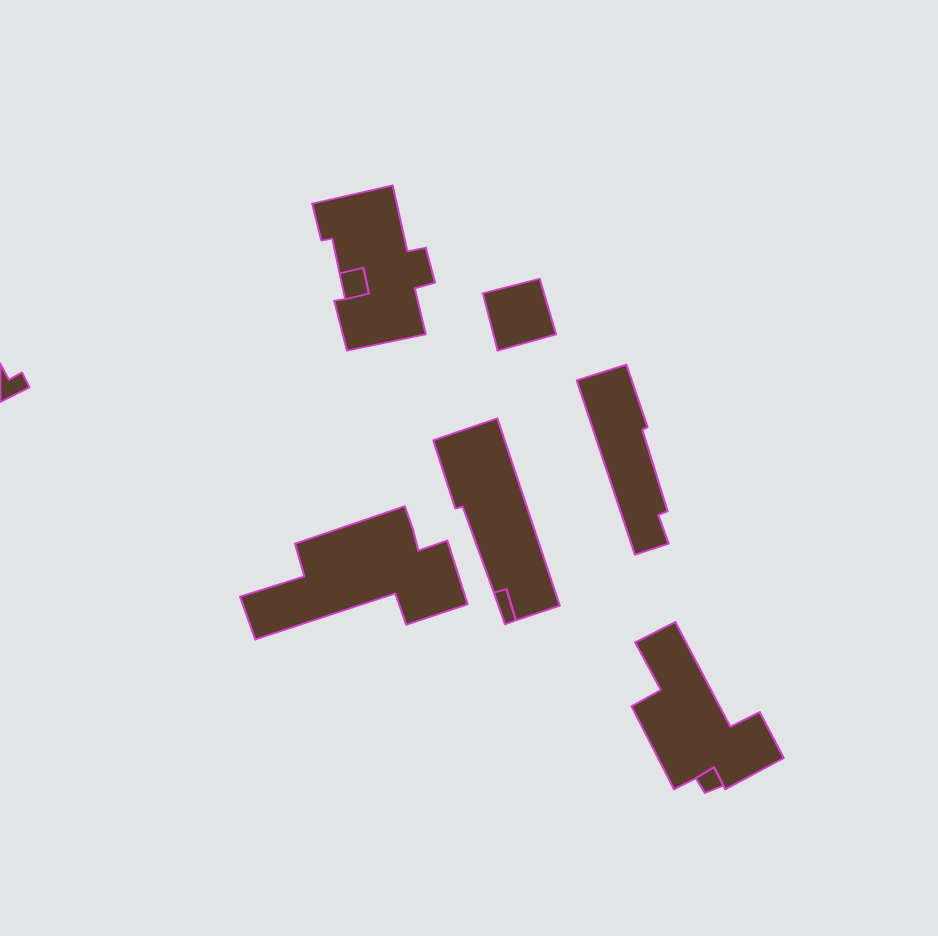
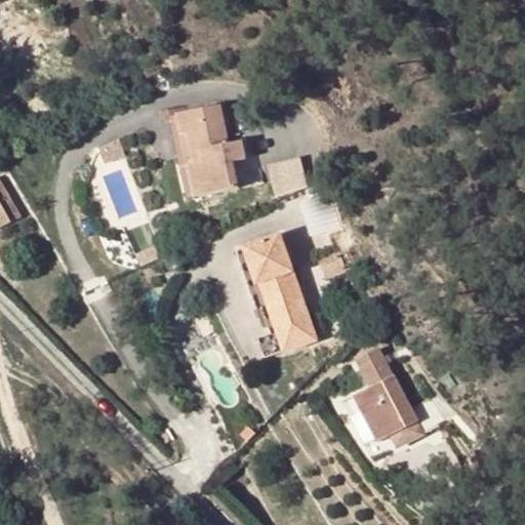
building: [577,364,669,555] -> none
building: [240,506,468,640] -> none

